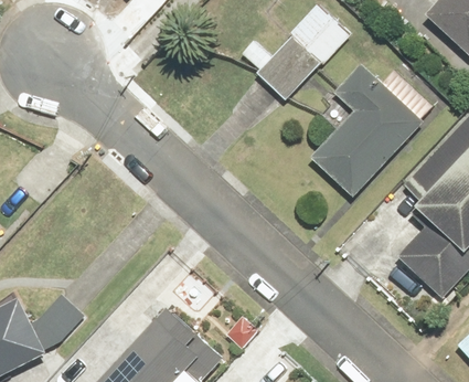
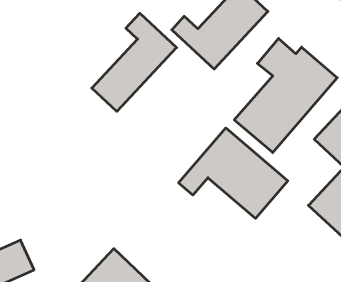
building: none -> [92,13,177,111]
building: none -> [179,128,288,218]

